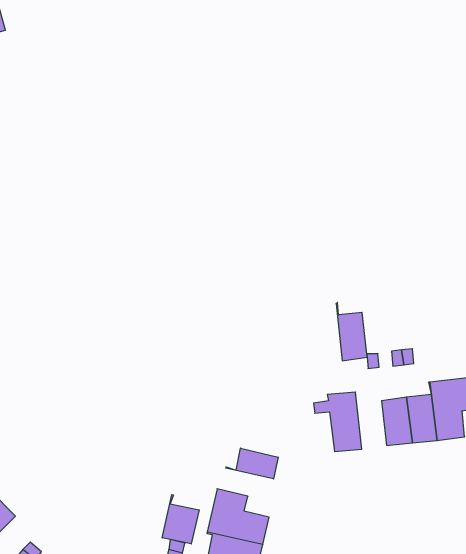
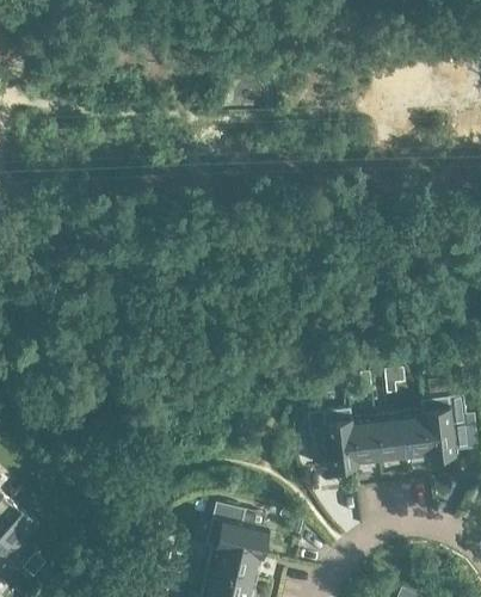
building: [336,302,367,361] -> [352,410,382,466]
building: [226,448,278,479] -> none
building: [162,495,199,544] -> none

